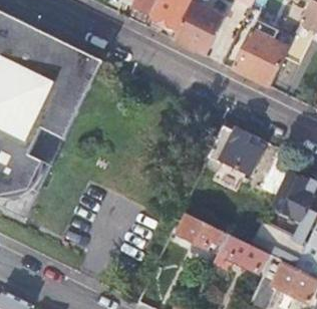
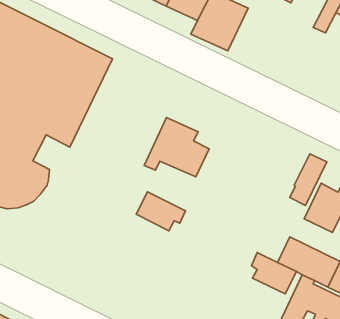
building: [232,20,288,86] -> none
building: [205,120,263,174] -> [144,117,209,177]
building: [177,214,221,249] -> [136,192,186,231]

